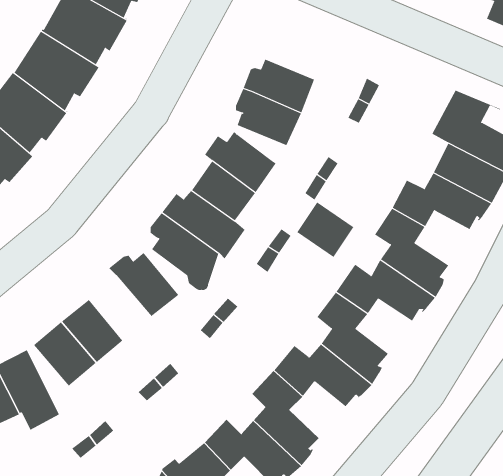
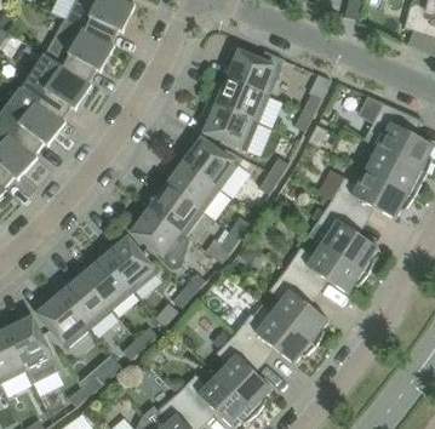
building: none -> [227,50,280,95]
building: [296,201,354,258] -> none
building: none -> [82,256,133,309]

